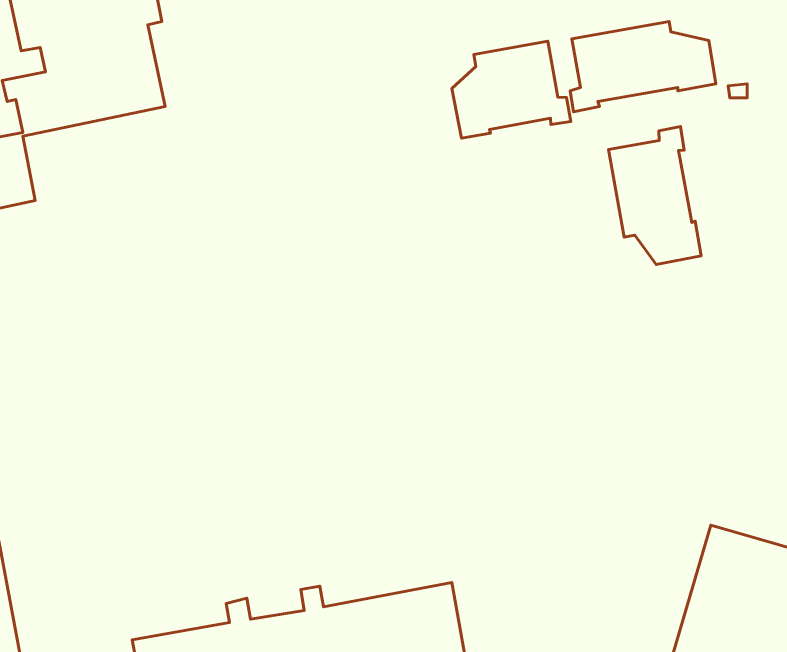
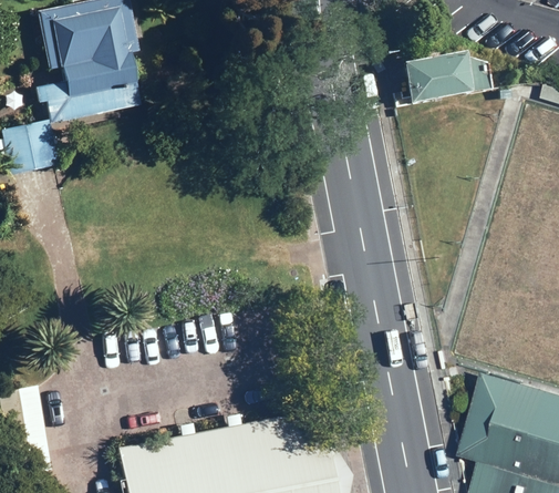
building: [452,41,571,138] -> none
building: [609,127,701,264] -> none

